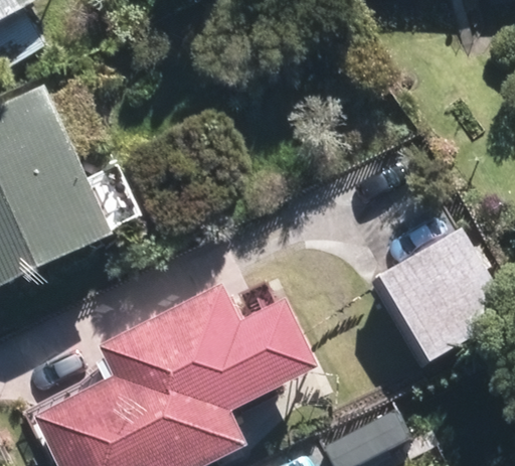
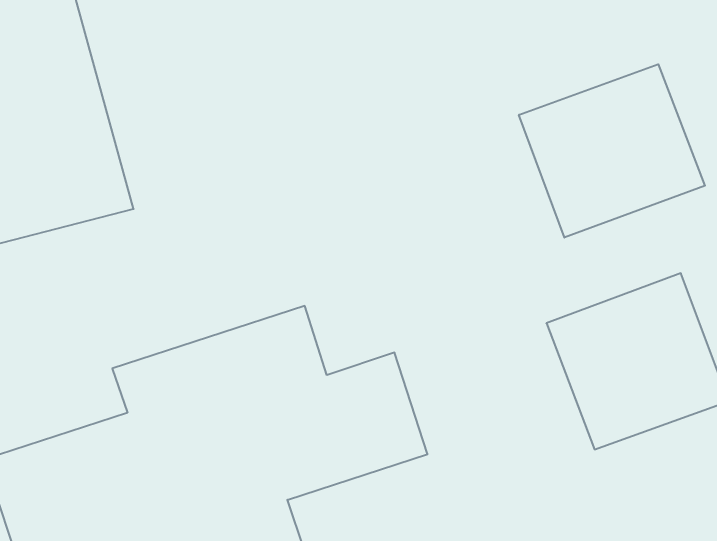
building: none -> [519,64,705,238]

